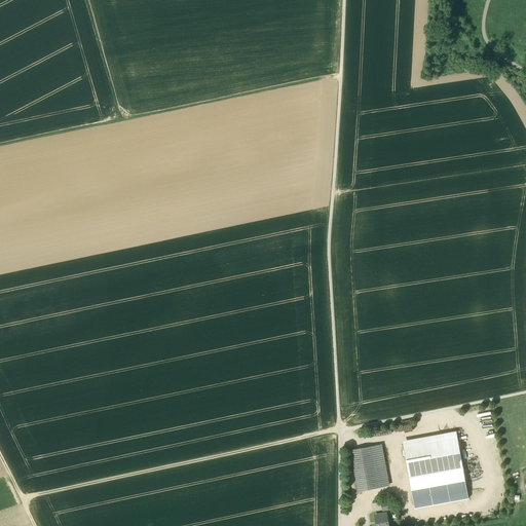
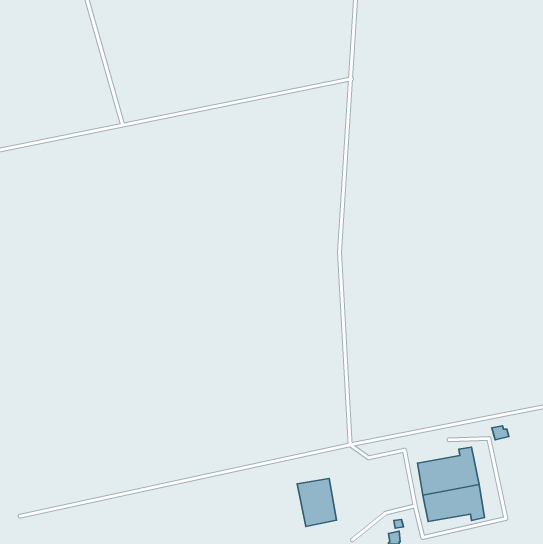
building: [349,445,387,491] -> [297,479,337,526]

